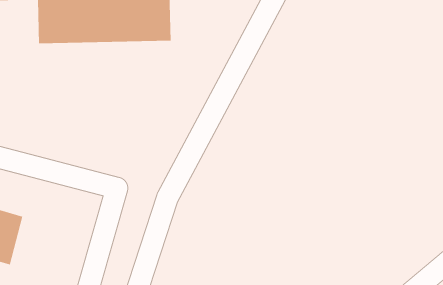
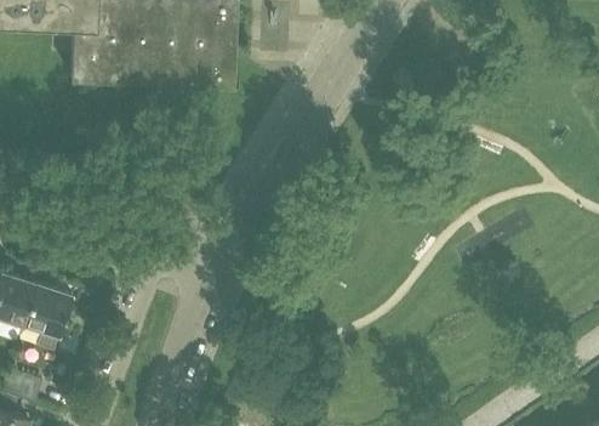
building: none -> [19,288,74,354]

